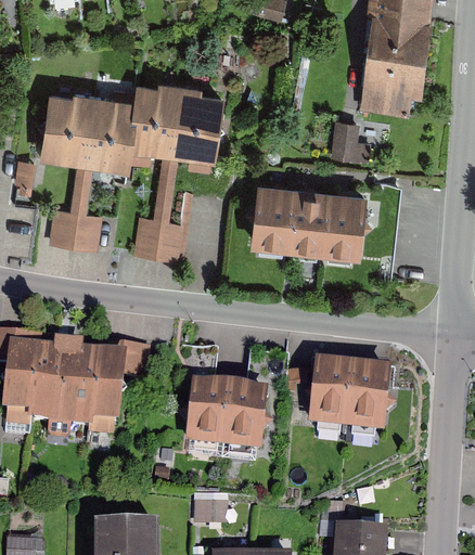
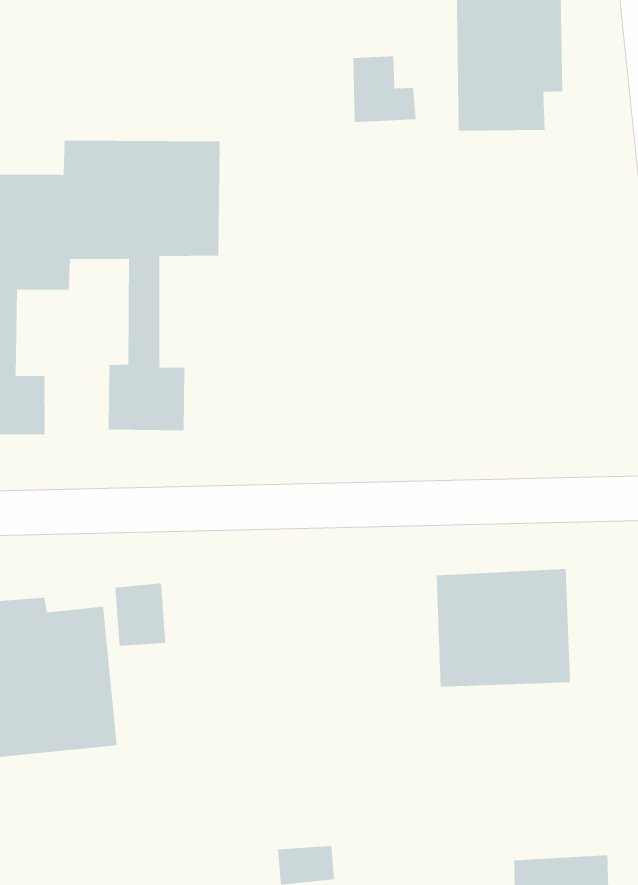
building: [336,121,373,162] -> [353,56,417,123]
building: [249,181,363,258] -> none
building: [183,380,262,452] -> none

